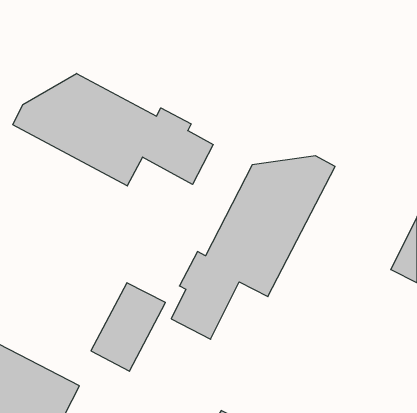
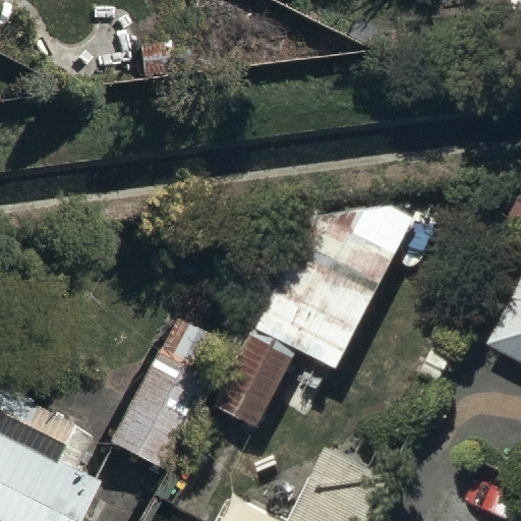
building: [13,73,213,186] -> none

